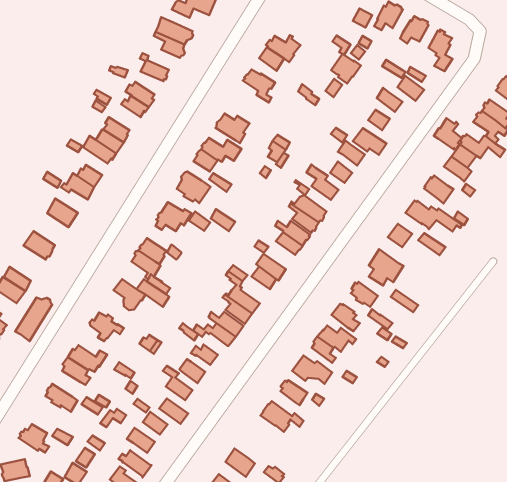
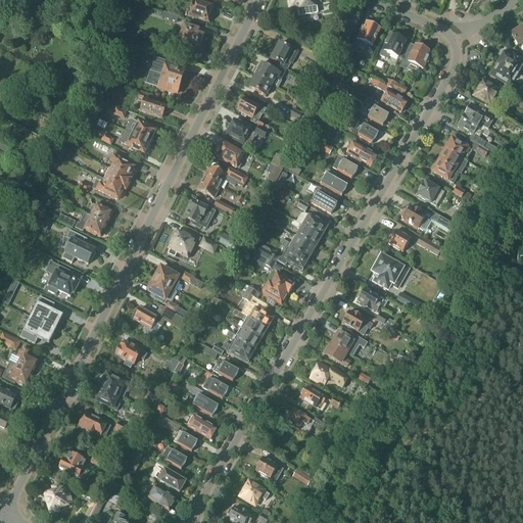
building: [331,54,361,84] -> [271,42,298,69]
building: none -> [226,120,269,145]
building: [434,118,462,150] -> none
building: [15,297,52,341] -> none

